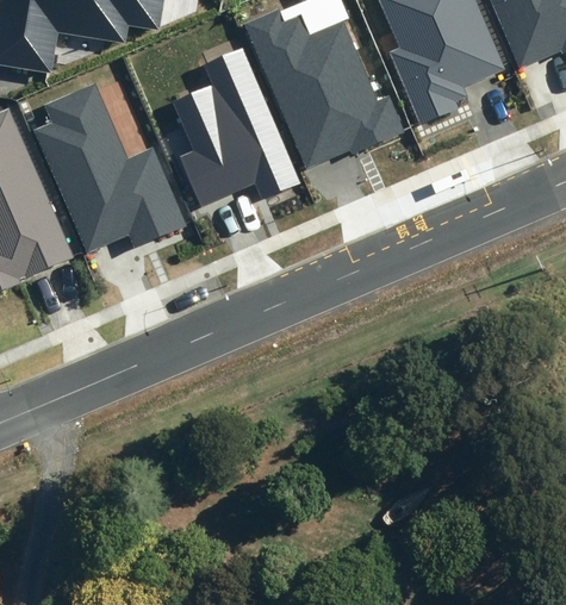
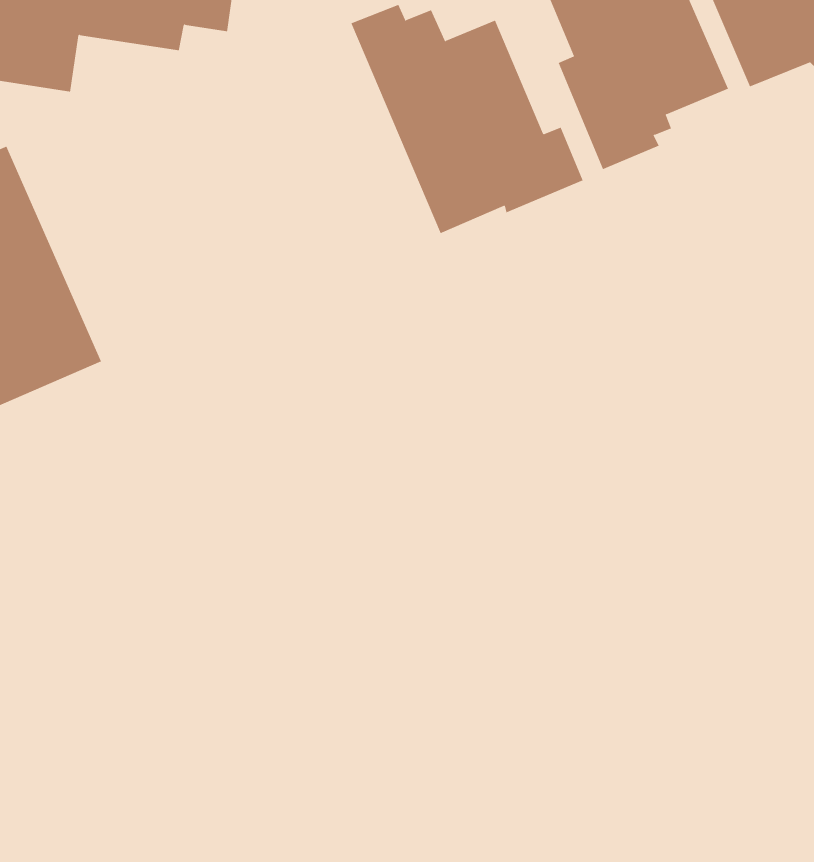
building: [172,48,298,205] -> none
building: [32,82,185,251] -> none

